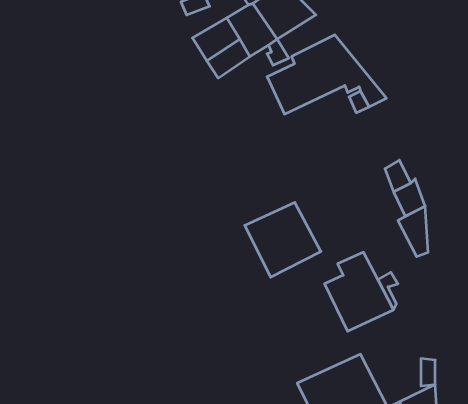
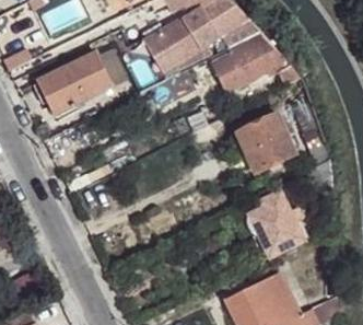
building: none -> [38,50,113,115]
building: [245,202,321,277] -> [236,115,294,172]

